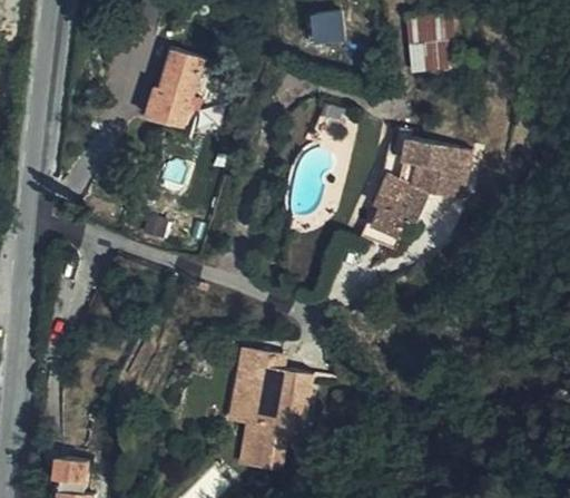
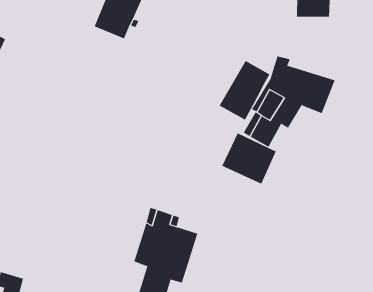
building: none -> [219,60,270,120]
building: none -> [222,133,276,185]

